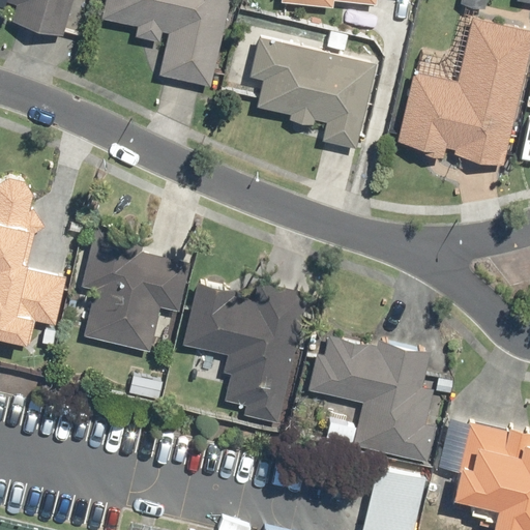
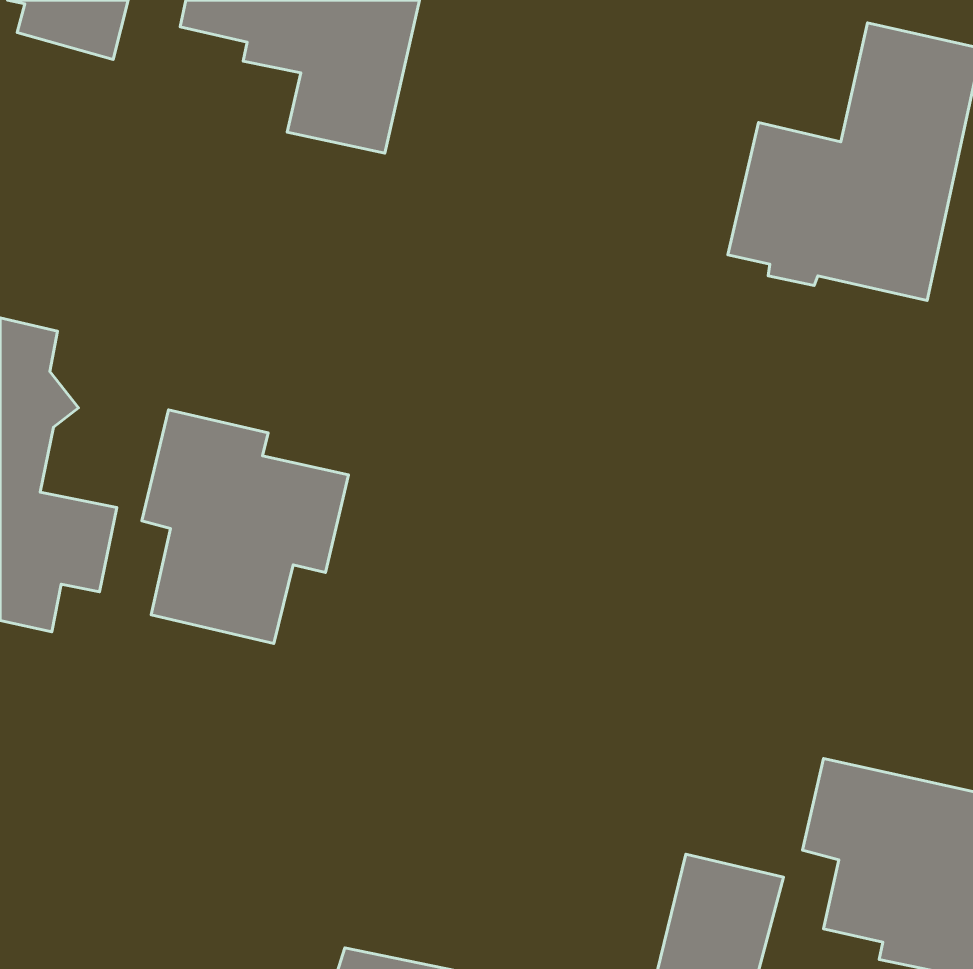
building: [249,37,377,150] -> none
building: [182,281,308,423] -> none
building: [306,333,437,463] -> none

